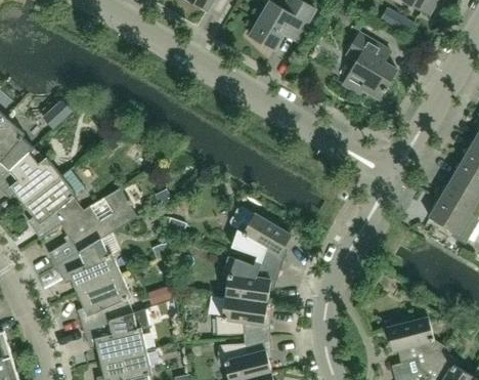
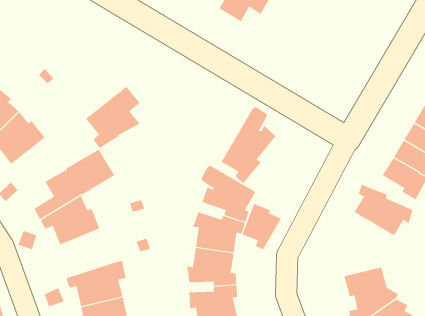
building: [342,33,396,99] -> none
building: none -> [221,106,276,184]
building: [24,170,84,239] -> [85,86,141,149]
building: none -> [354,184,413,236]
building: none -> [242,203,282,250]
building: [77,276,133,330] -> none

